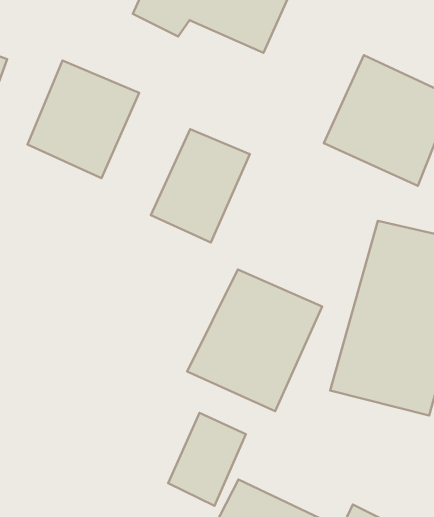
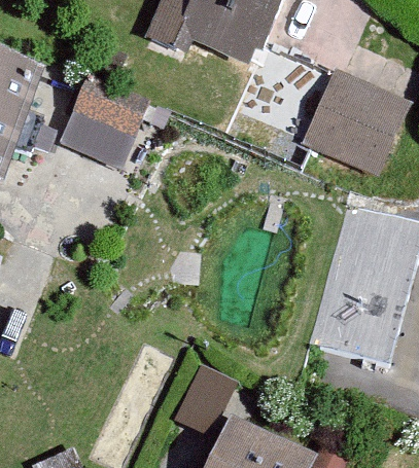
building: [151,129,250,243] -> none
building: [187,270,322,411] -> none

